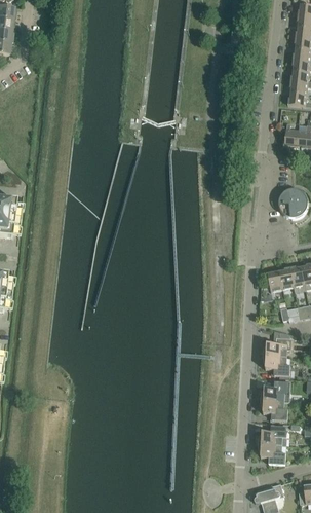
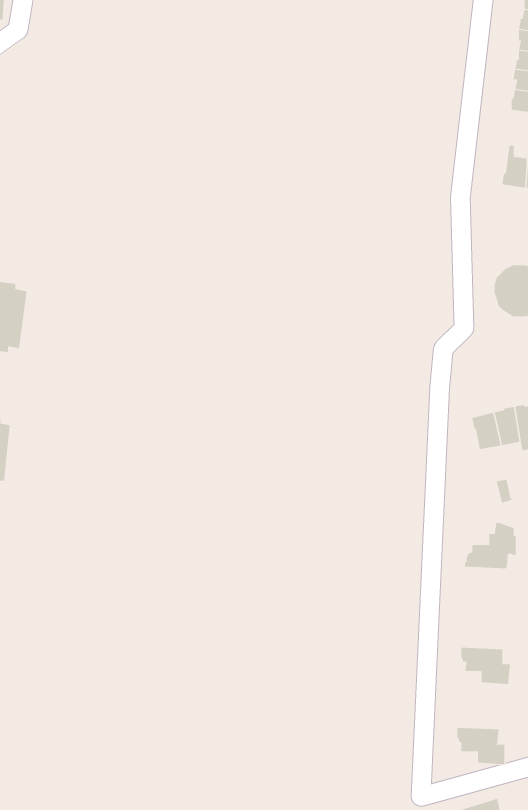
building: [262,355,289,375] -> none
building: [260,380,288,400] -> none
building: [258,425,286,444] -> none

